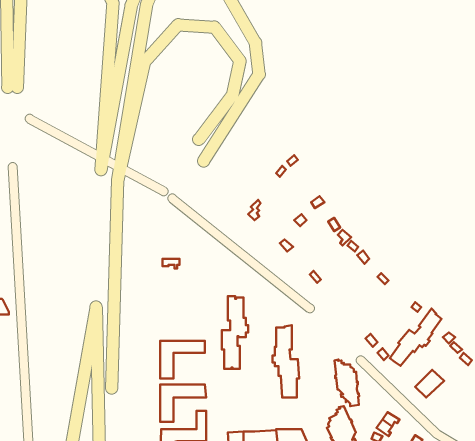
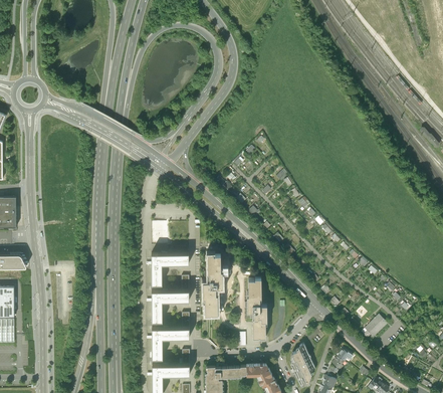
building: none -> [151,253,188,284]
building: [390,309,442,366] -> none
building: [335,359,359,406] -> none

